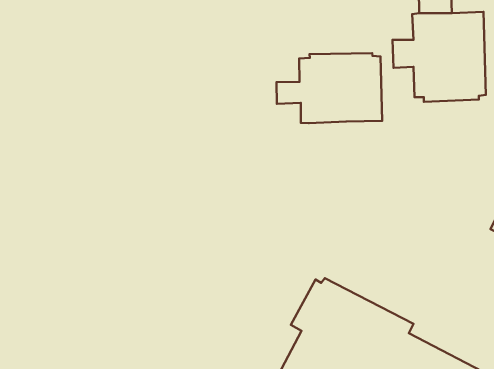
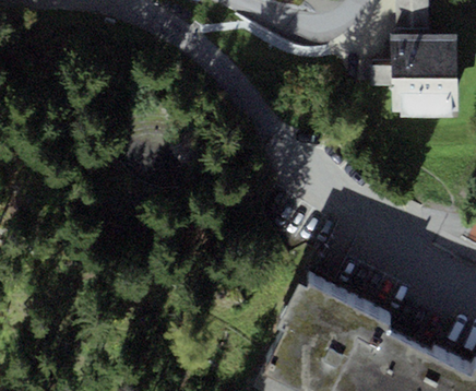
building: [277,53,382,123] -> none

